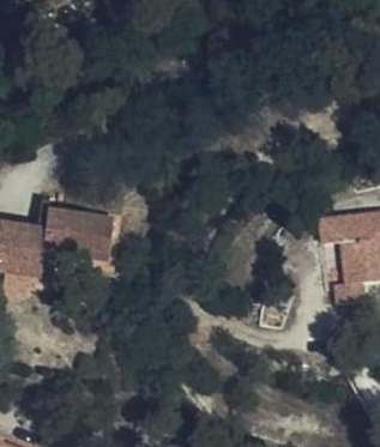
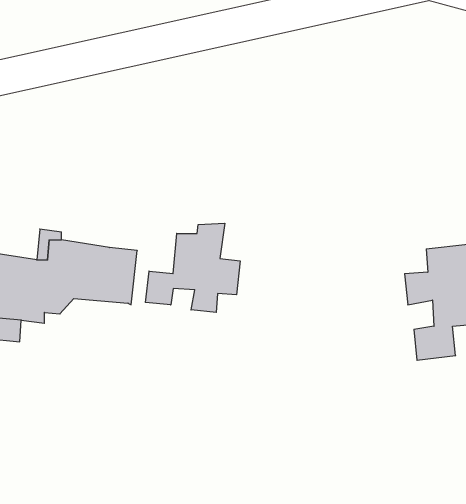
building: none -> [145,223,240,312]

